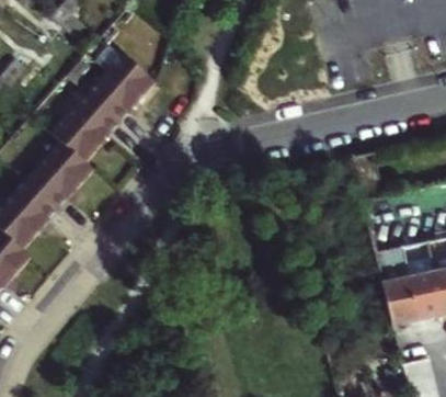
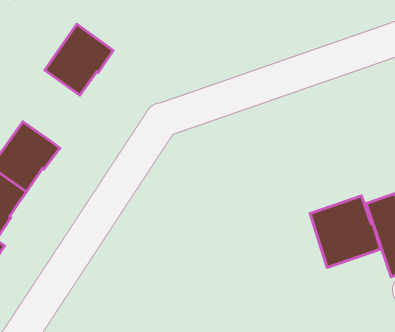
building: [49,94,115,162] -> none
building: none -> [310,196,381,268]

